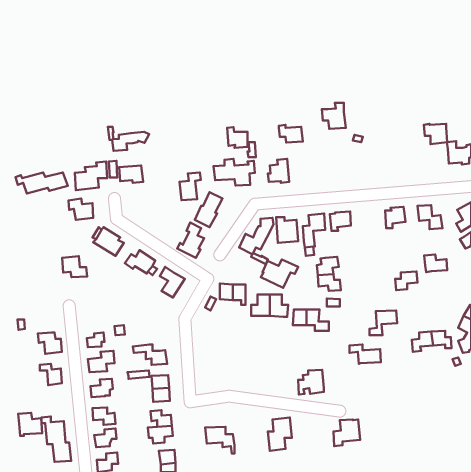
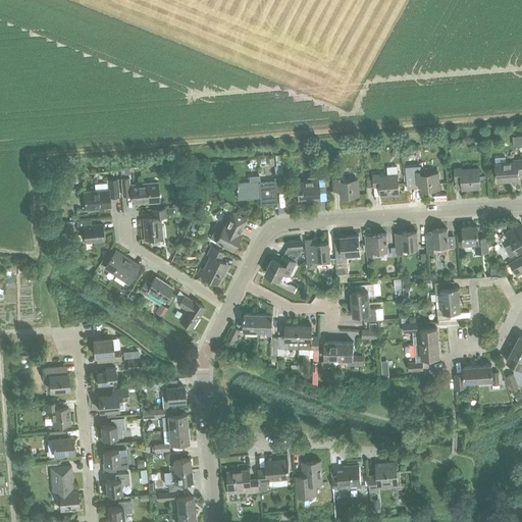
building: [322,103,346,129] -> [372,167,399,196]
building: [424,124,447,144] -> [454,167,479,190]
building: [279,125,303,143] -> [331,177,358,197]
building: [108,127,149,151] -> none
building: [227,127,248,148] -> none
building: none -> [405,165,438,191]
building: [180,172,201,200] -> [142,208,165,239]
building: [15,173,68,193] -> none
building: none -> [395,231,417,254]
building: [424,255,447,272] -> [434,282,460,302]
building: [62,256,87,277] -> [93,338,120,362]
building: [261,260,298,288] -> none
building: [350,345,381,364] -> [403,323,437,345]
building: [298,370,324,395] -> [331,465,360,492]
building: [18,413,42,436] -> [47,430,73,456]
building: none -> [258,460,289,484]

